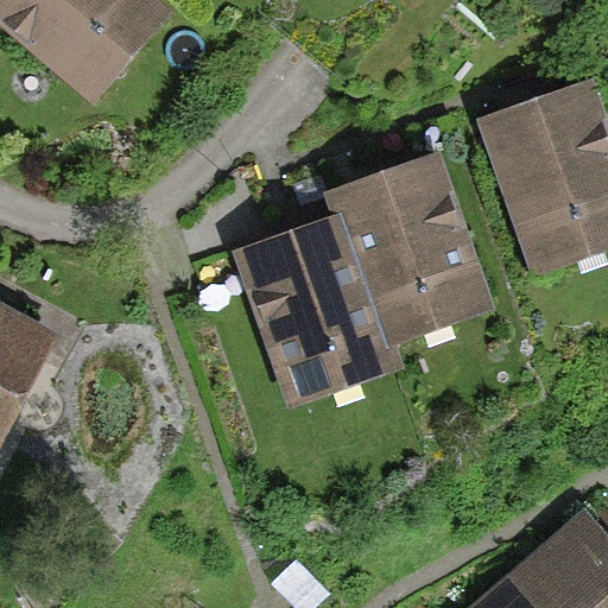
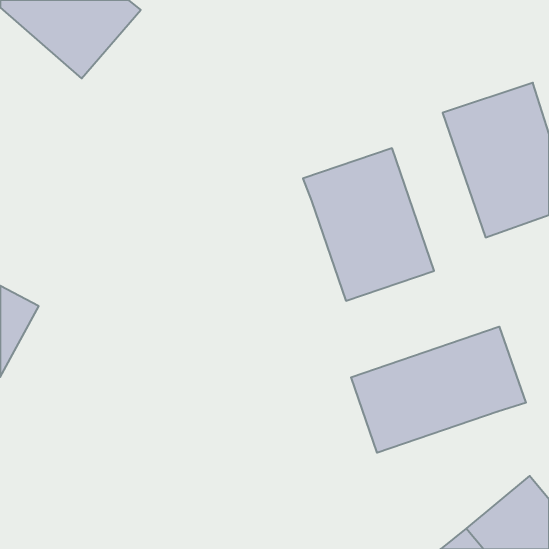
building: [247,222,393,395] -> none
building: none -> [351,327,526,453]

